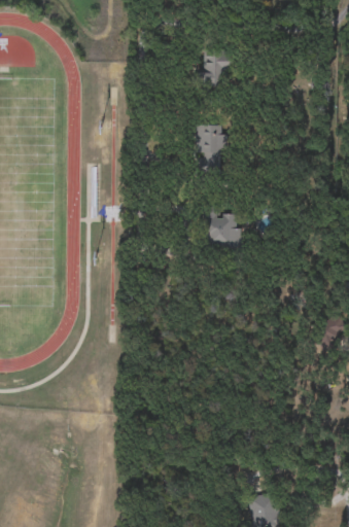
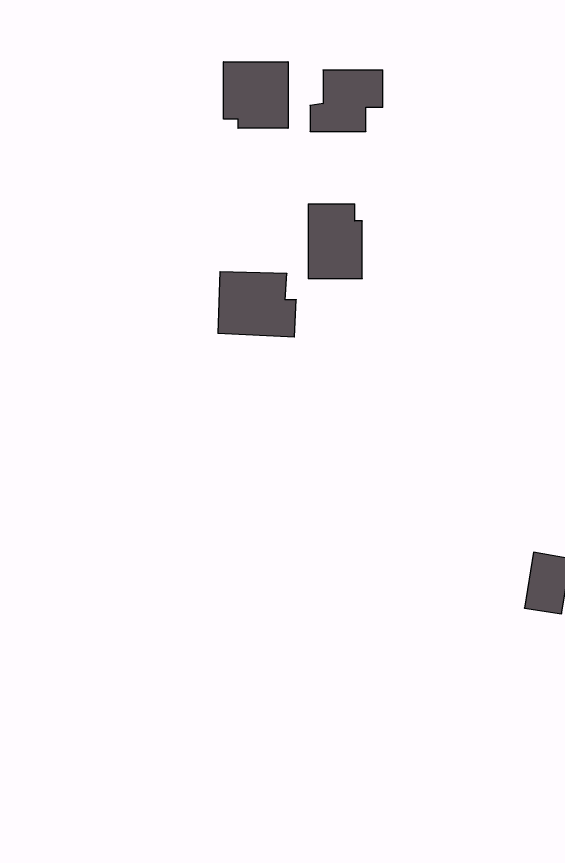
building: none -> [224,62,288,128]
building: [199,213,242,249] -> [218,272,296,337]

